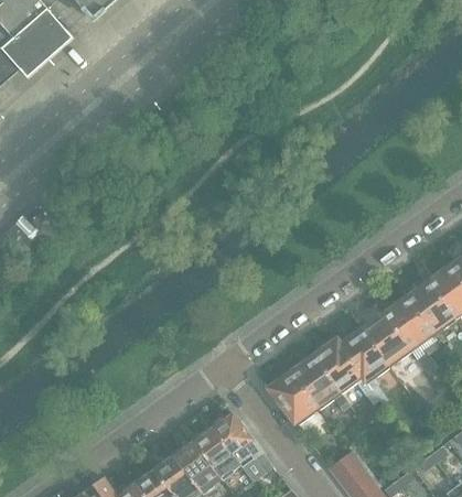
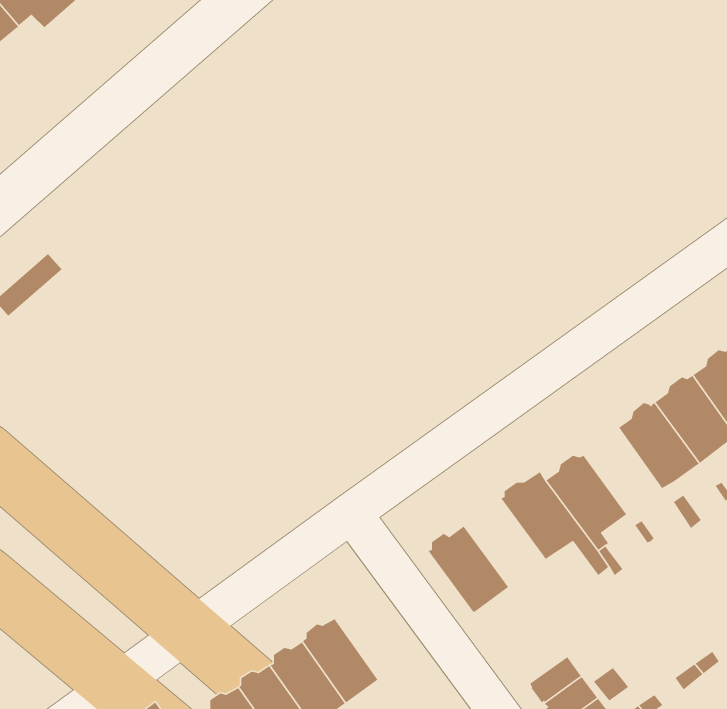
building: [363,312,410,365] -> none
building: [290,355,350,412] -> none
building: [212,413,271,474] -> none

